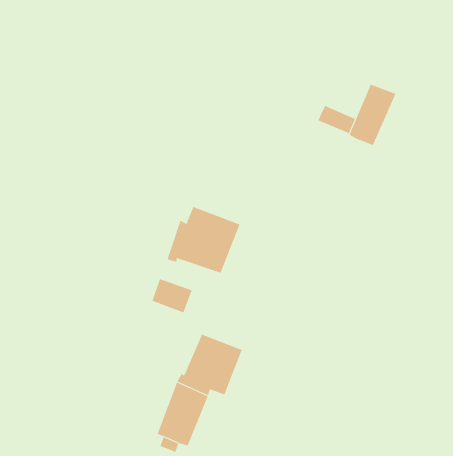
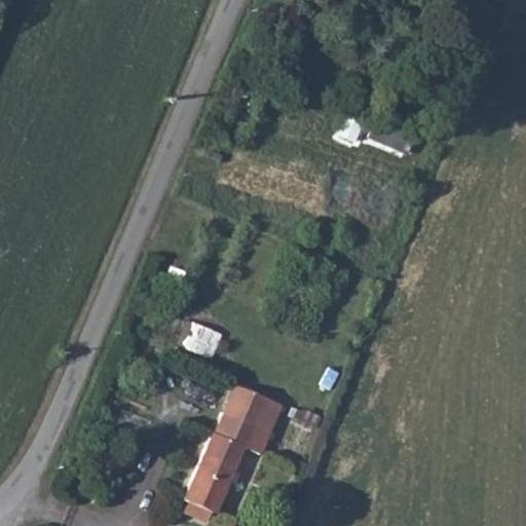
building: [349,84,396,146] -> none
building: [167,206,240,273] -> none

